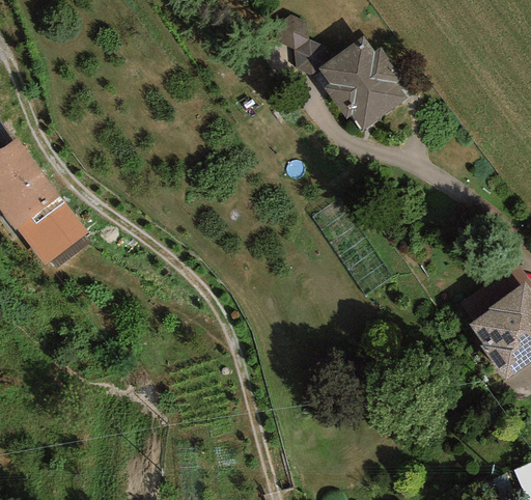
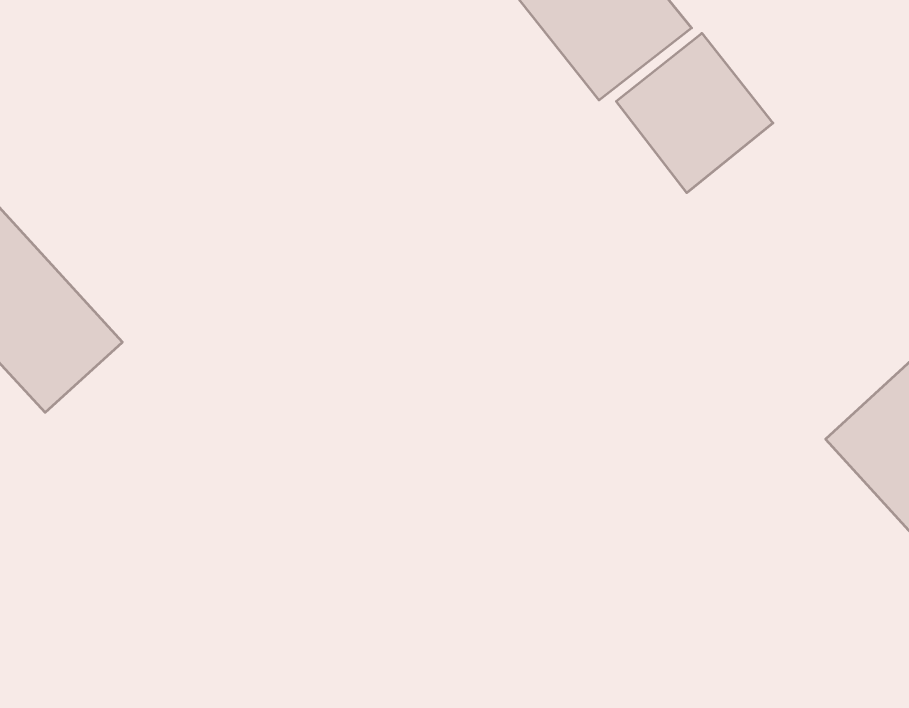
building: none -> [616,33,773,193]

